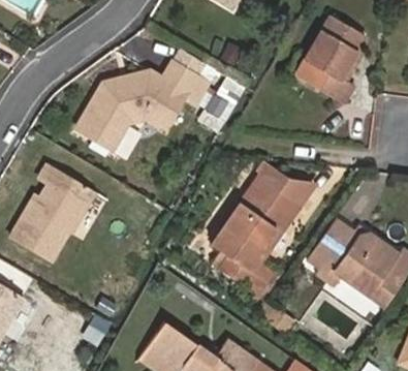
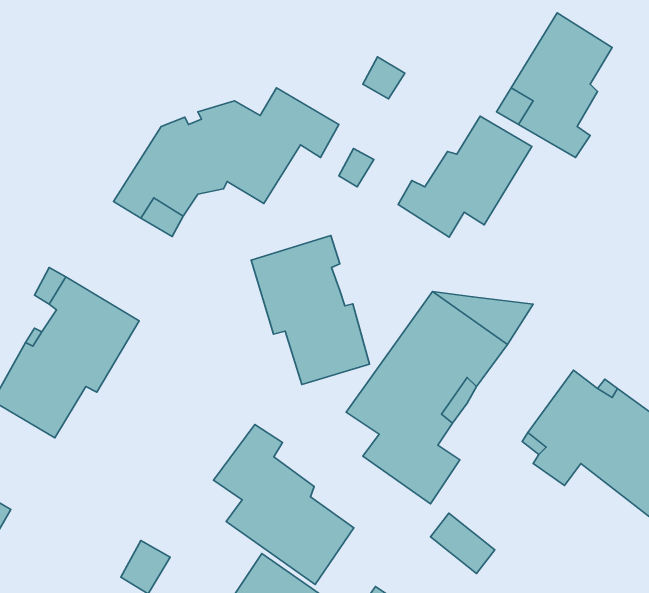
building: none -> [398,116,532,237]
building: none -> [251,235,370,384]
building: none -> [214,425,354,585]

